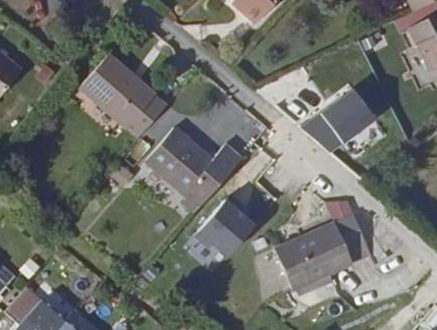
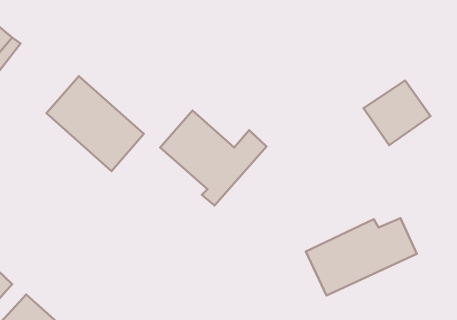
building: [78,51,164,134] -> [47,76,144,171]
building: [202,207,261,267] -> none

